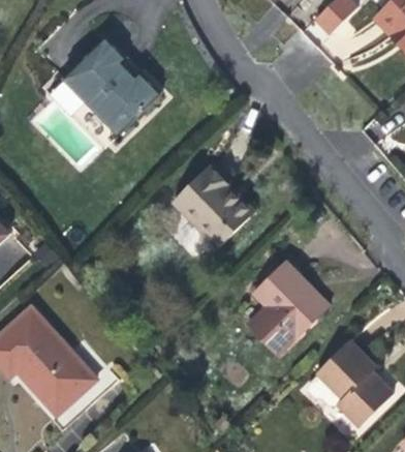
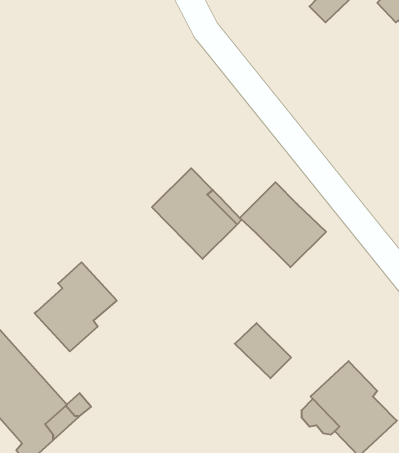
building: [62,35,161,134] -> none
building: none -> [35,262,117,351]
building: [252,260,330,336] -> [240,182,326,267]

